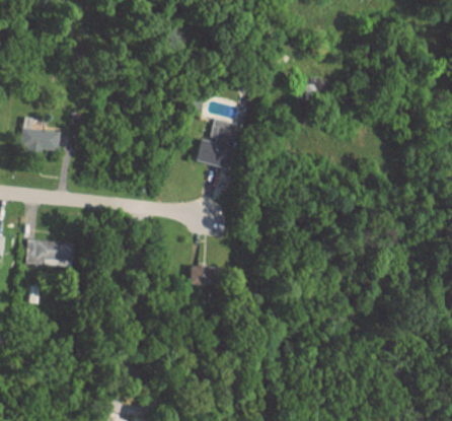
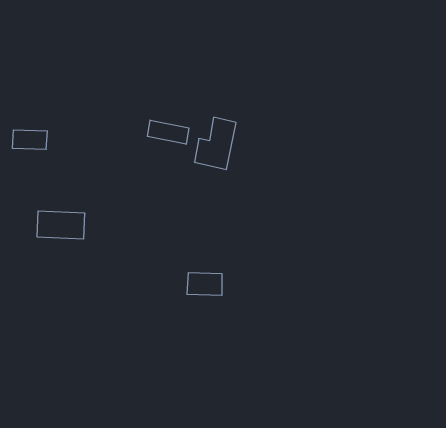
building: none -> [147,120,189,144]
building: [25,240,71,267] -> [37,211,85,239]

